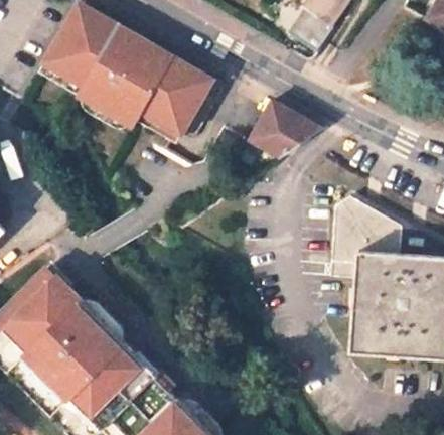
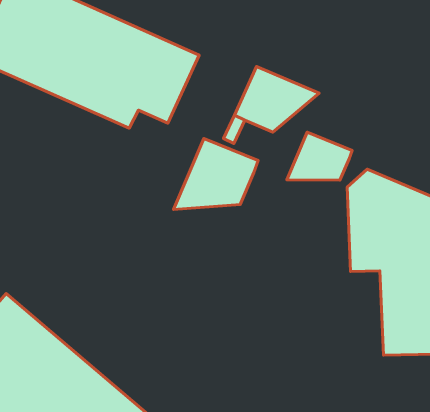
building: none -> [173,138,258,209]
building: none -> [287,132,352,180]

